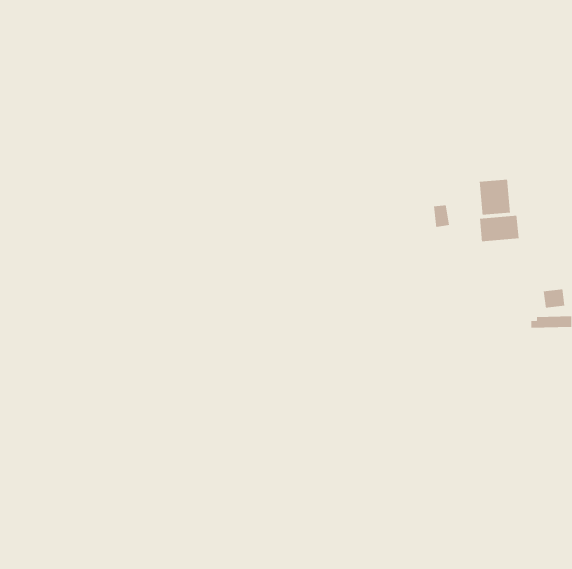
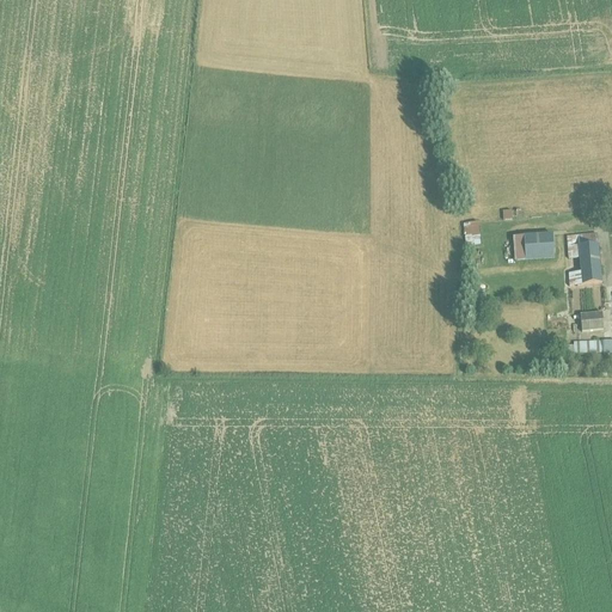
building: [479,179,510,216] -> none
building: none -> [569,243,601,284]

